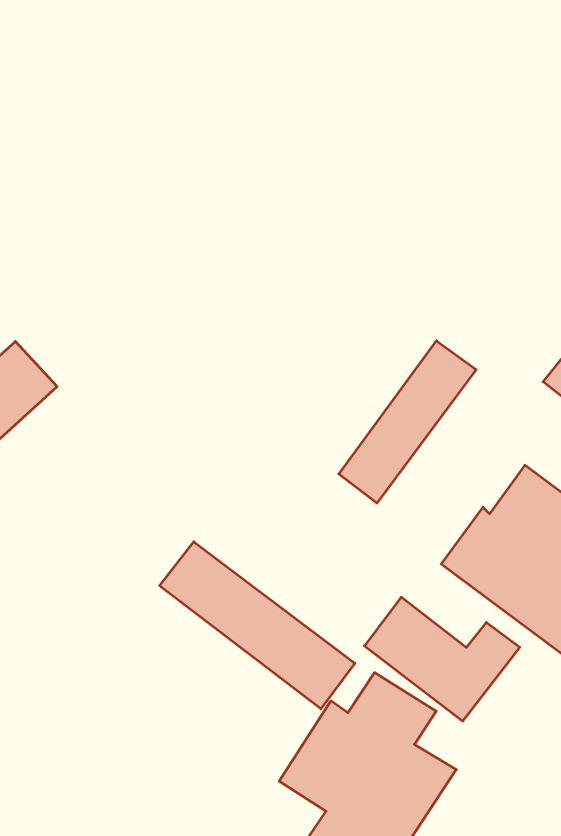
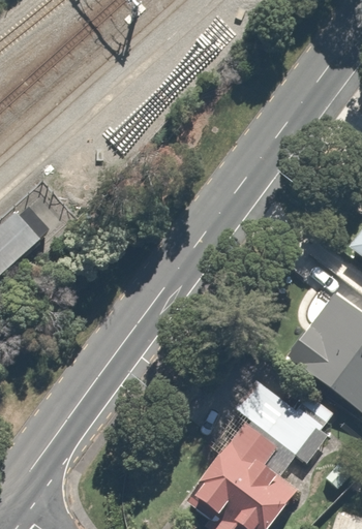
building: [339,341,476,503] -> none
building: [160,542,355,709] -> none

